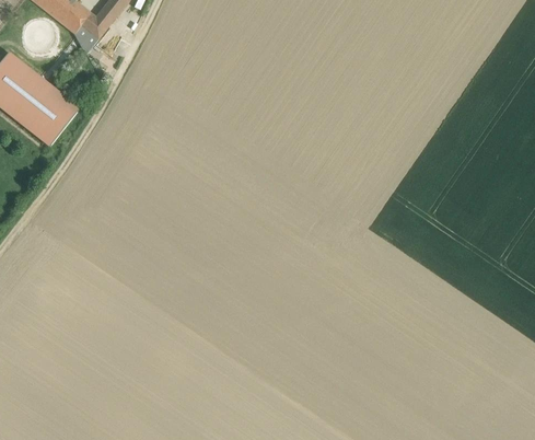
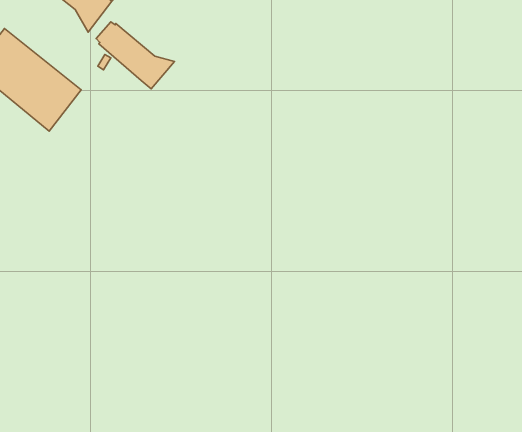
building: none -> [96,22,175,89]

